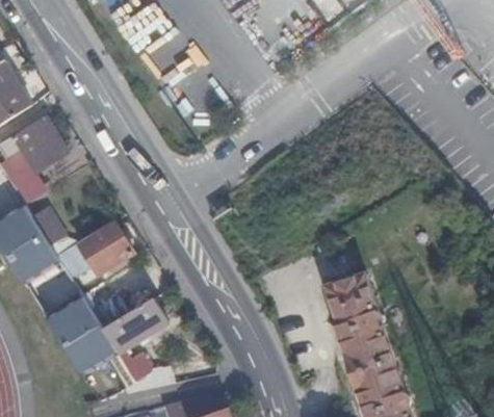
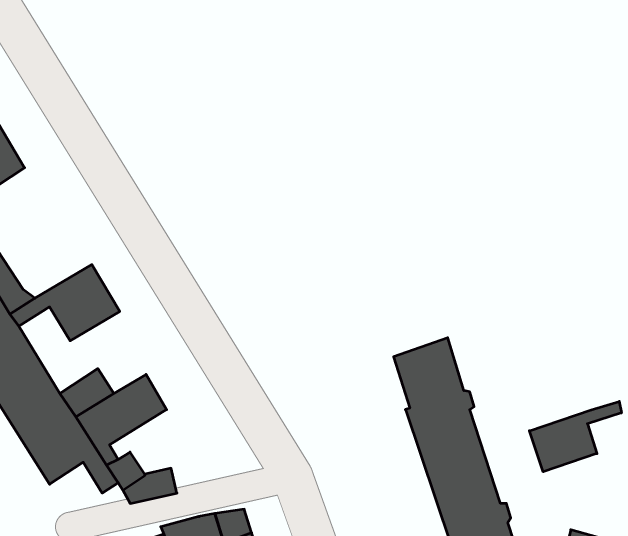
building: none -> [529,401,621,472]

